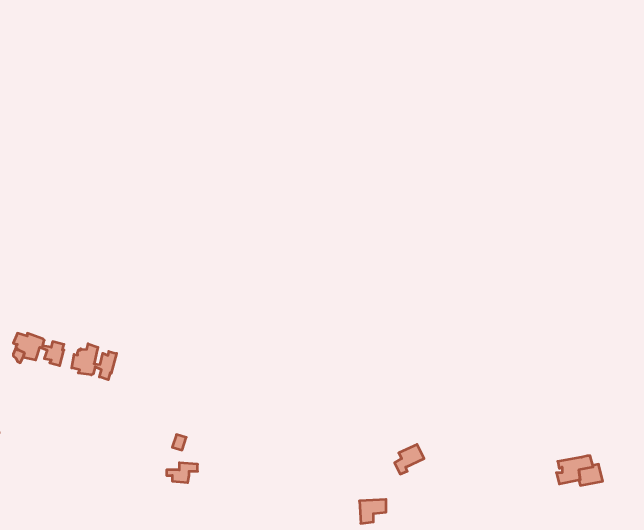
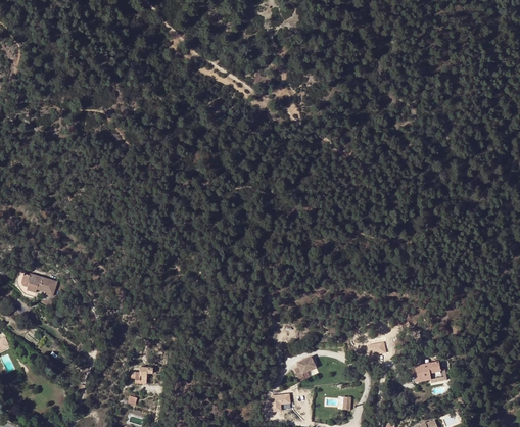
building: [72,344,117,380] -> none

